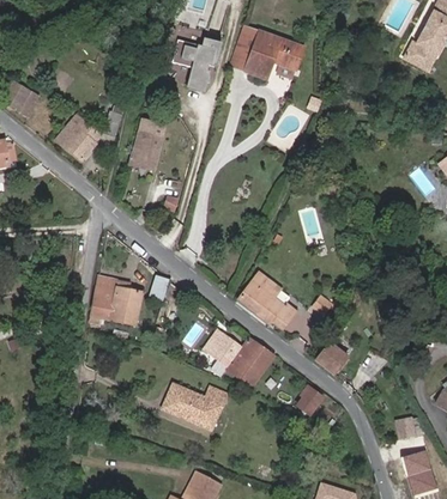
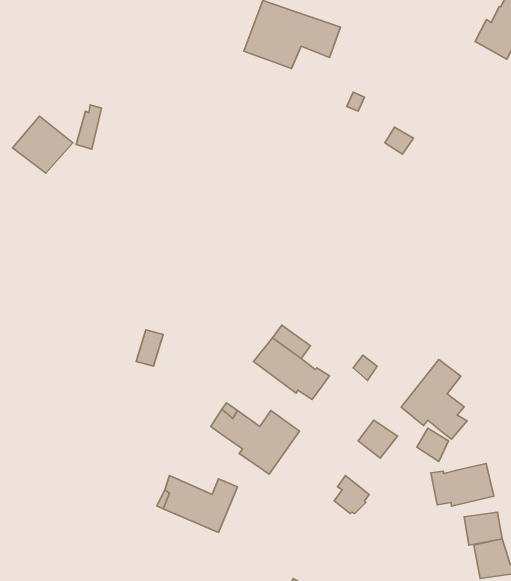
building: [174,36,221,91] -> none
building: [129,118,165,169] -> none
building: [90,276,143,325] -> none
building: none -> [401,359,467,439]
building: none -> [431,464,494,506]

